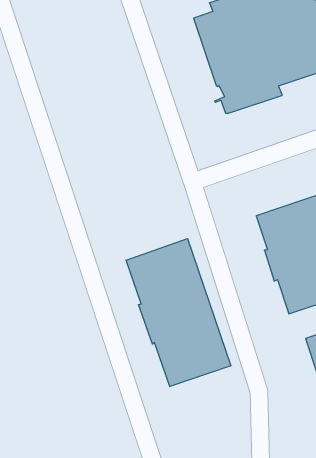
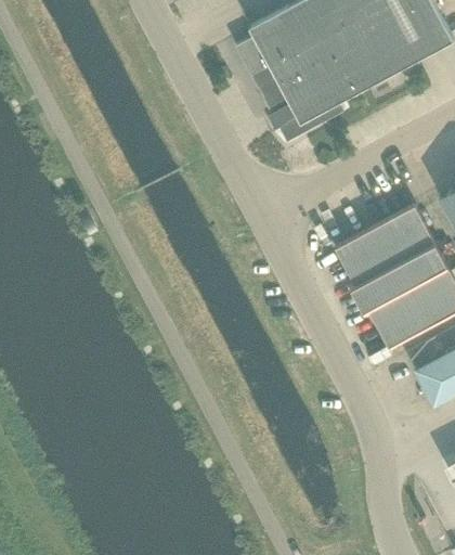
building: [126,239,231,387] -> none

